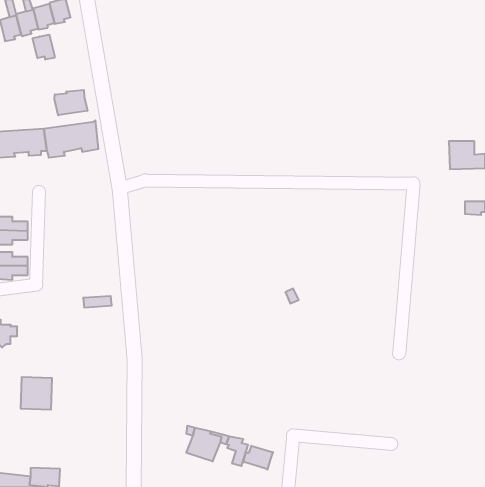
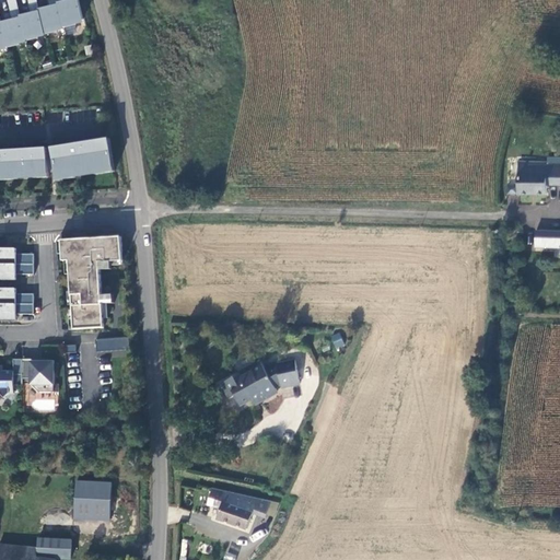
building: [33,35,55,60] -> none
building: [54,90,87,115] -> none
building: none -> [59,236,120,330]
building: none -> [221,359,296,405]
building: none -> [20,360,52,393]
building: [21,377,52,410] -> [73,479,109,516]
building: [244,446,273,470] -> none

